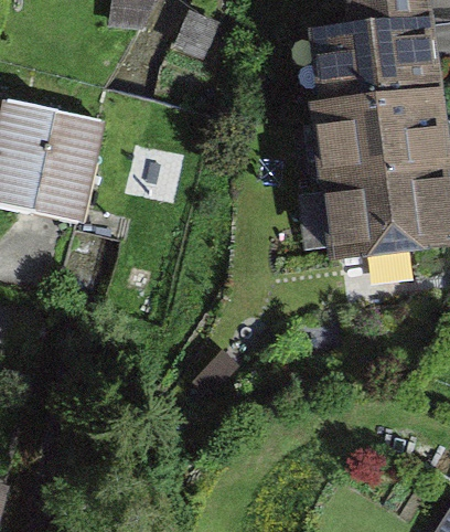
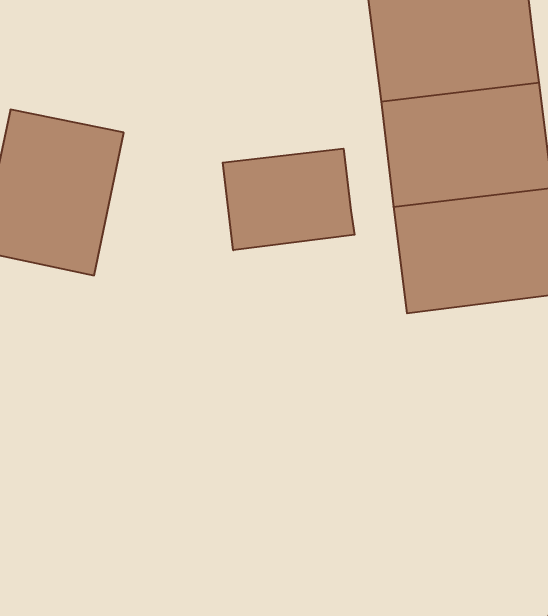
building: none -> [223,149,355,250]

